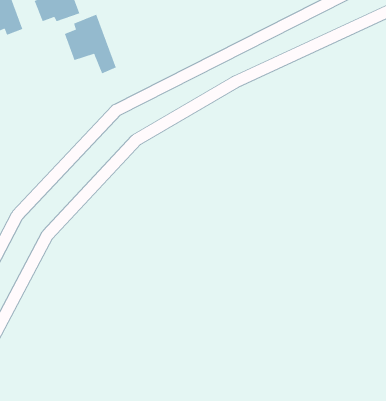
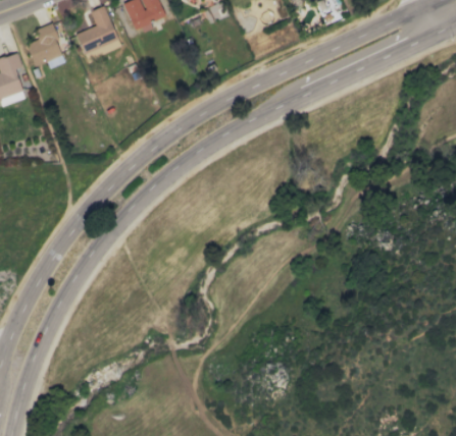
building: [64,14,117,74] -> none

